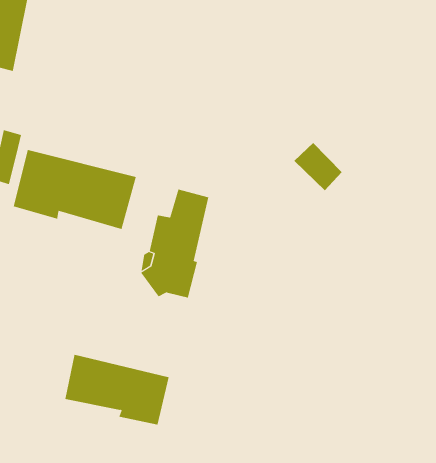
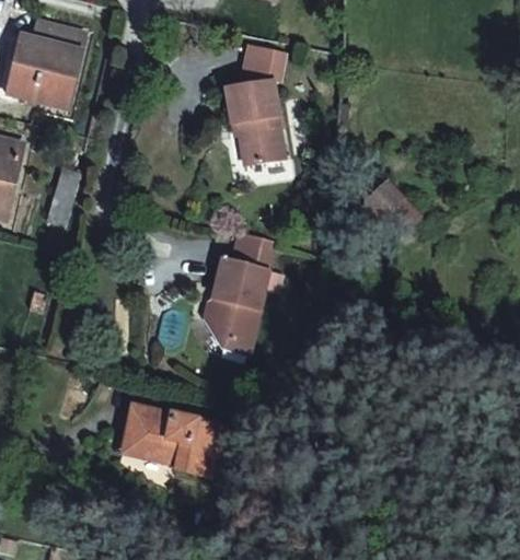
building: none -> [231,43,291,165]
building: [13,149,137,230] -> none

